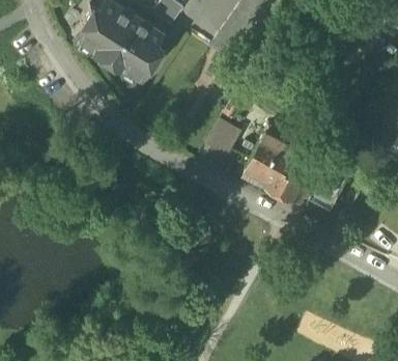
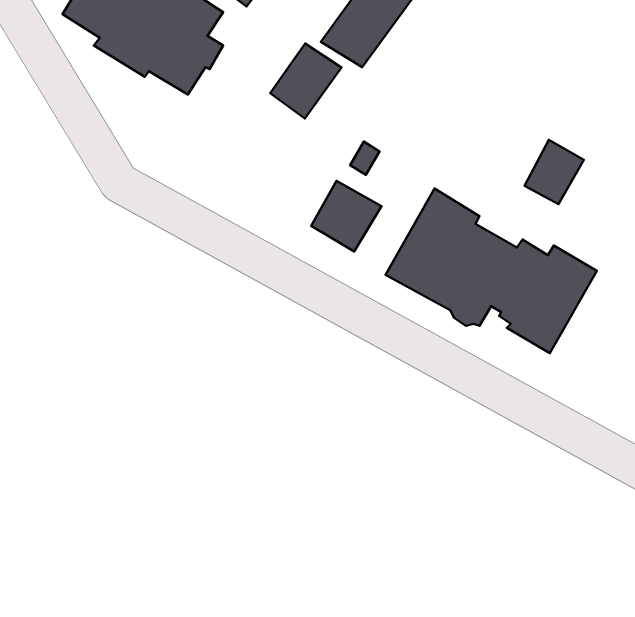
building: none -> [270,43,342,118]
building: none -> [524,140,584,204]

